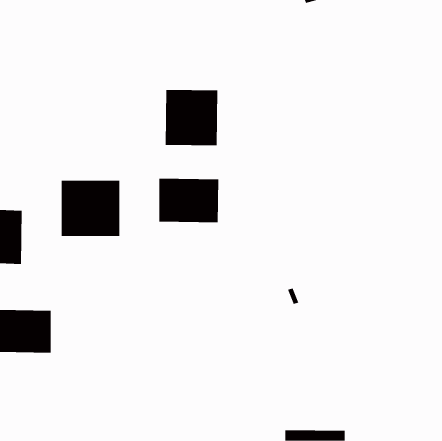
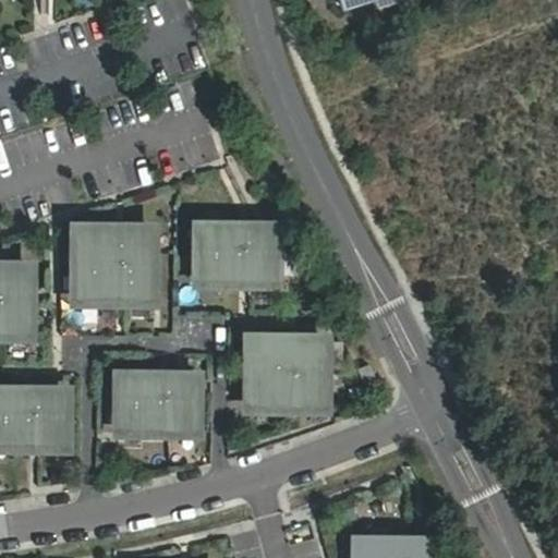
building: [165,89,218,146] -> none
building: none -> [248,335,324,404]
building: none -> [119,373,195,428]

